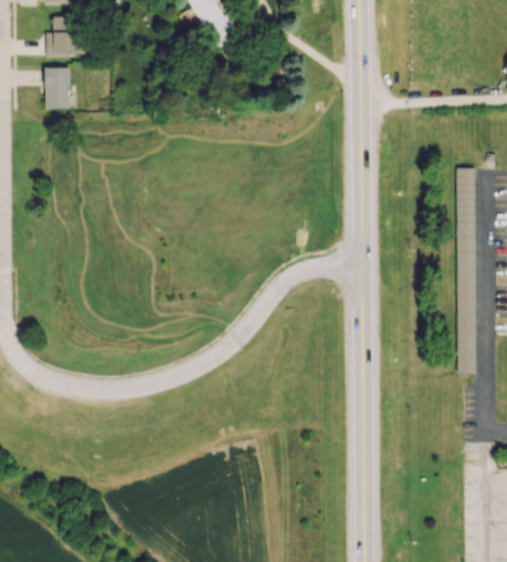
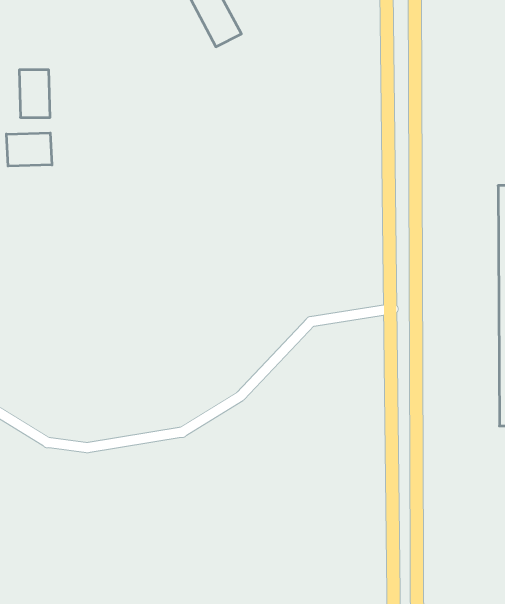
building: [46,15,87,56] -> none
building: none -> [6,133,52,166]

